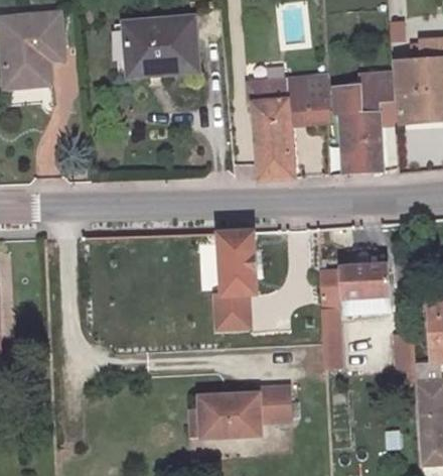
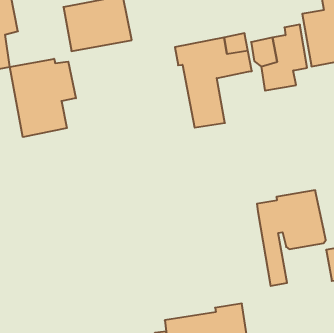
building: none -> [10,59,76,137]
building: [343,142,381,171] -> none
building: [213,228,255,318] -> none

